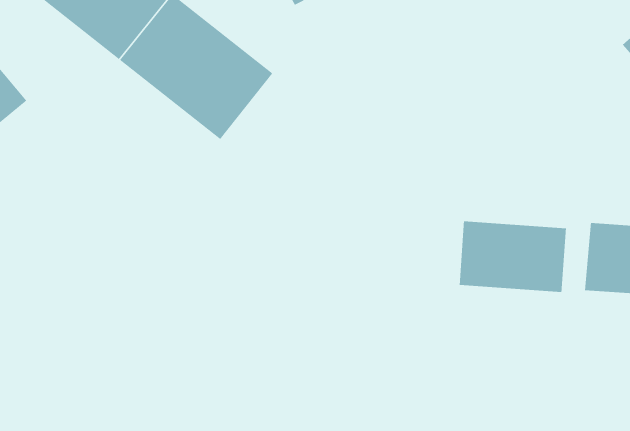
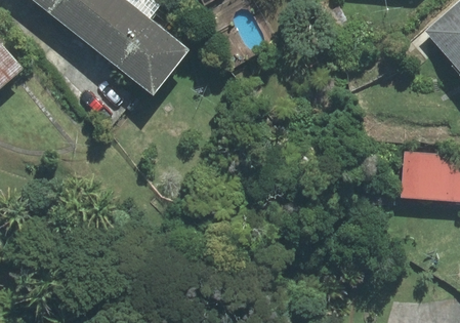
building: [459,221,567,293] -> none

